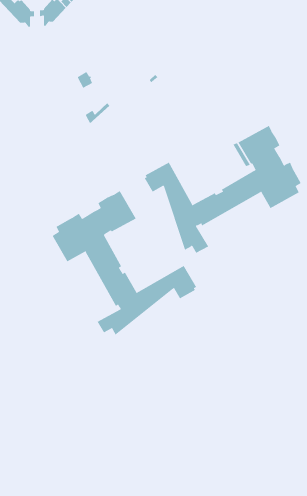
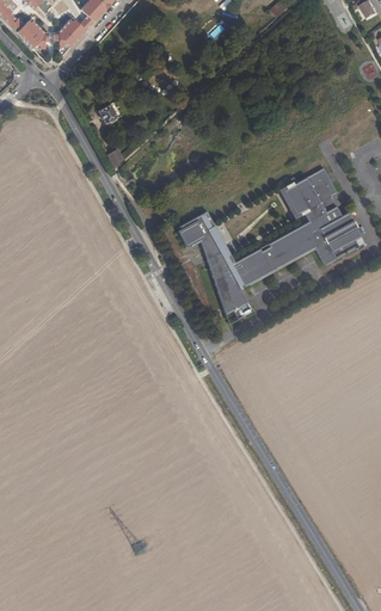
building: [52,190,197,335] -> none

